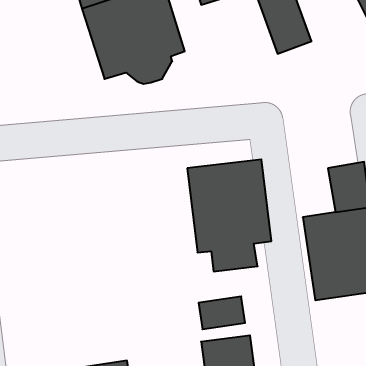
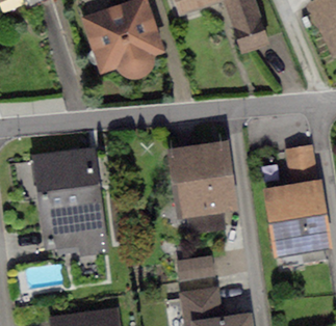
building: none -> [33,150,110,257]

